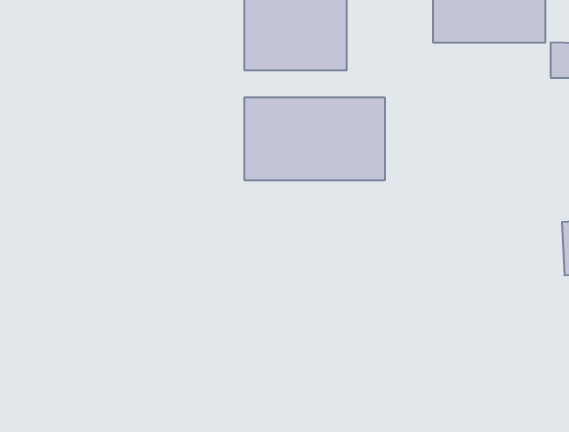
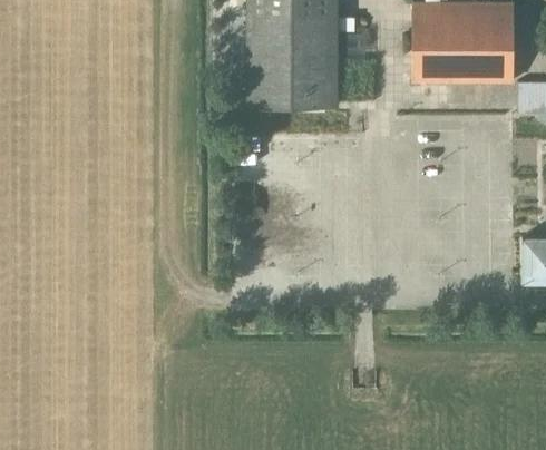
building: [245,97,385,180] -> none

